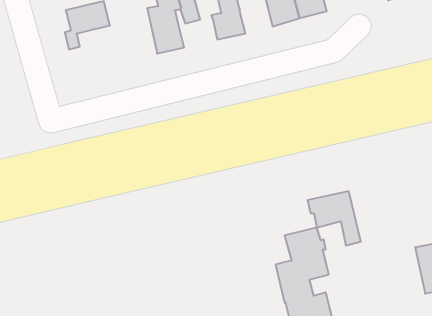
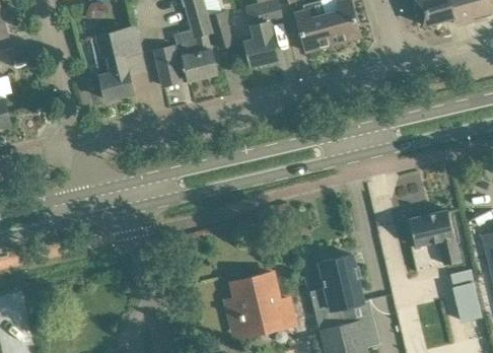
building: none -> [155,33,190,85]
building: none -> [100,55,134,100]
building: [308,191,361,245] -> [407,211,461,266]
building: none -> [227,273,296,329]

